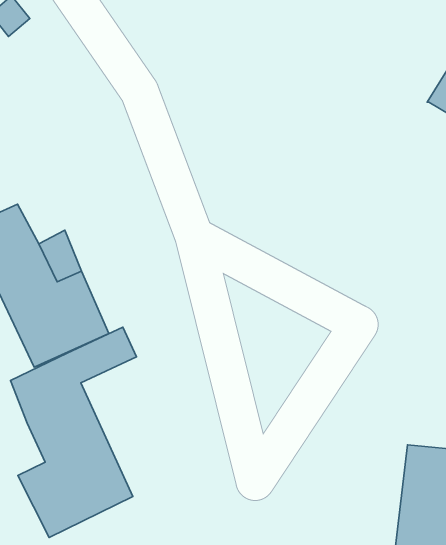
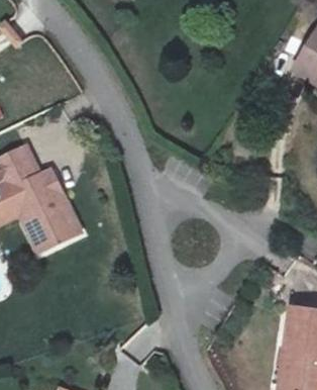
building: [10,327,136,537] -> none

